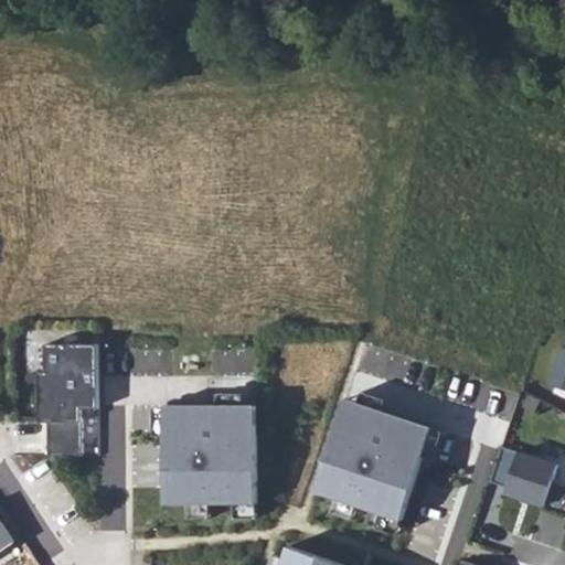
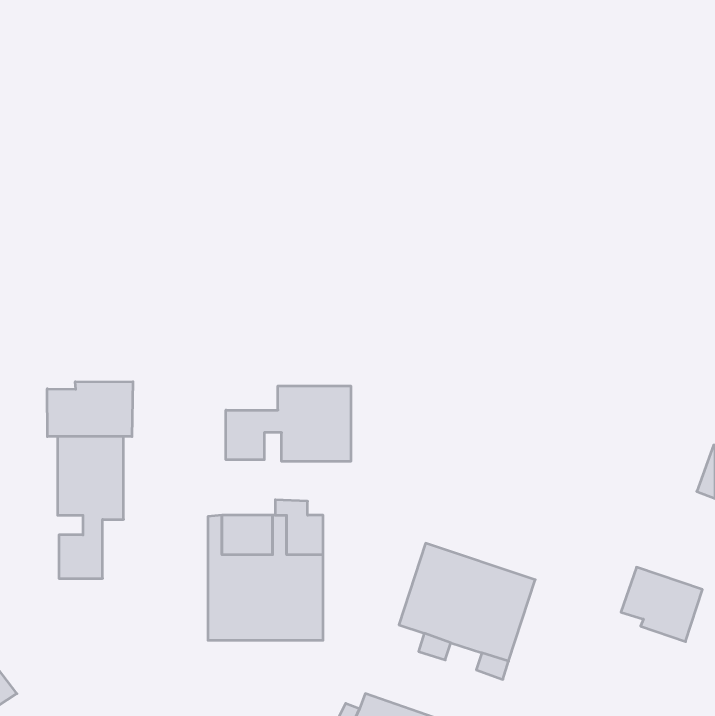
building: none -> [47,382,133,437]
building: none -> [226,386,351,461]
building: [334,392,441,461] -> none

